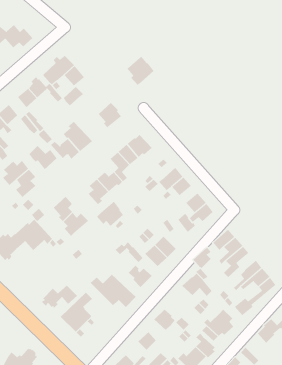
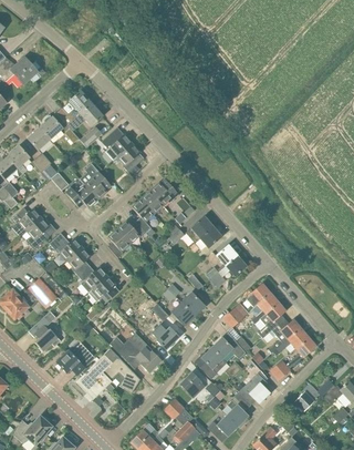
building: [127,56,154,86] -> [101,126,132,160]
building: [28,145,57,170] -> [50,233,82,260]
building: [96,201,124,227] -> [87,275,118,304]
building: none -> [28,315,58,350]
building: none -> [199,347,226,379]
building: none -> [102,348,139,393]

